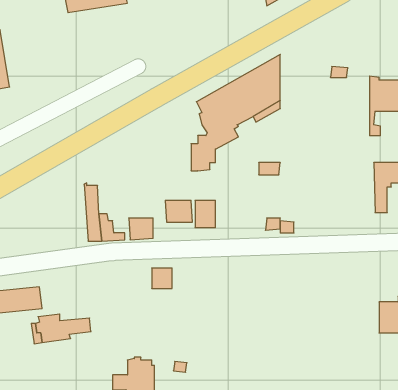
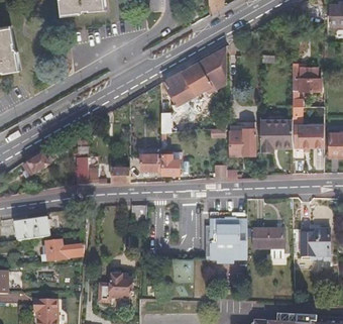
building: none -> [228,121,254,155]
building: none -> [259,125,292,151]
building: none -> [20,149,47,178]
building: none -> [208,216,245,259]
building: none -> [251,228,281,248]

